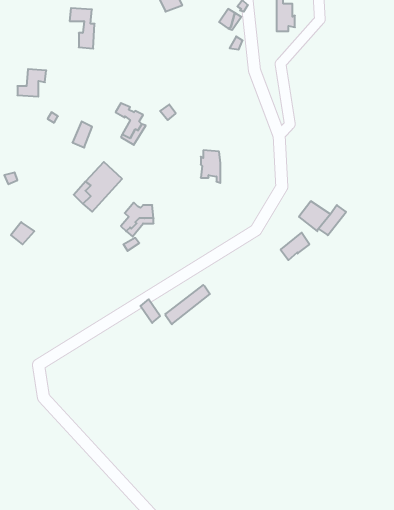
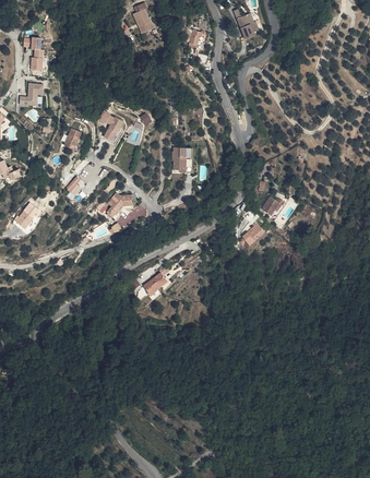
building: [70,8,95,49] -> [23,36,44,70]

